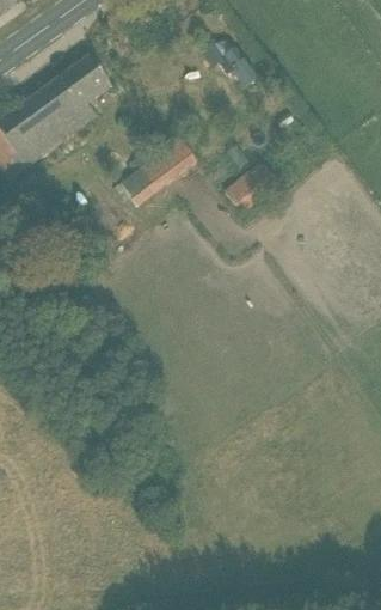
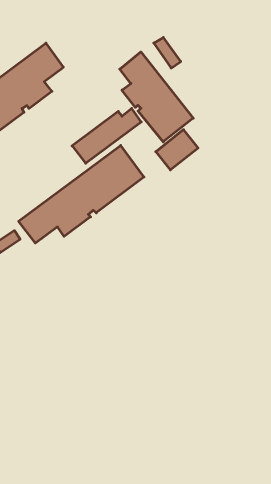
building: none -> [120,52,193,142]
building: none -> [19,145,144,243]

